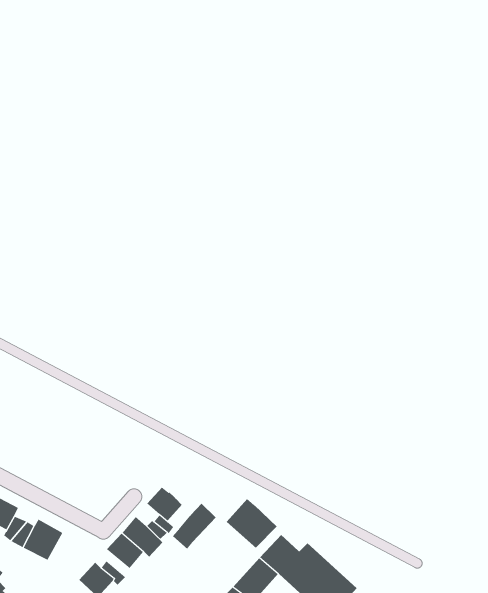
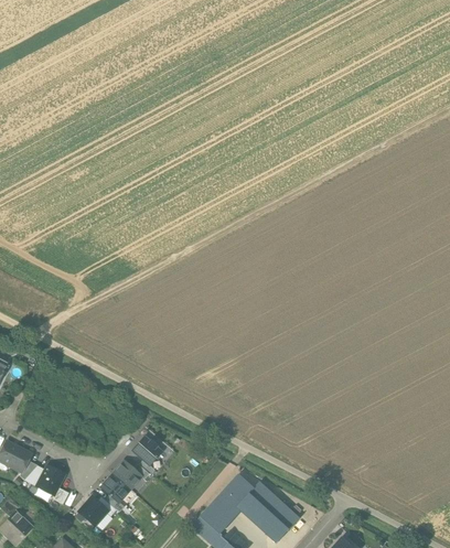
building: [226,498,278,549] -> none
building: [172,503,216,550] -> none

